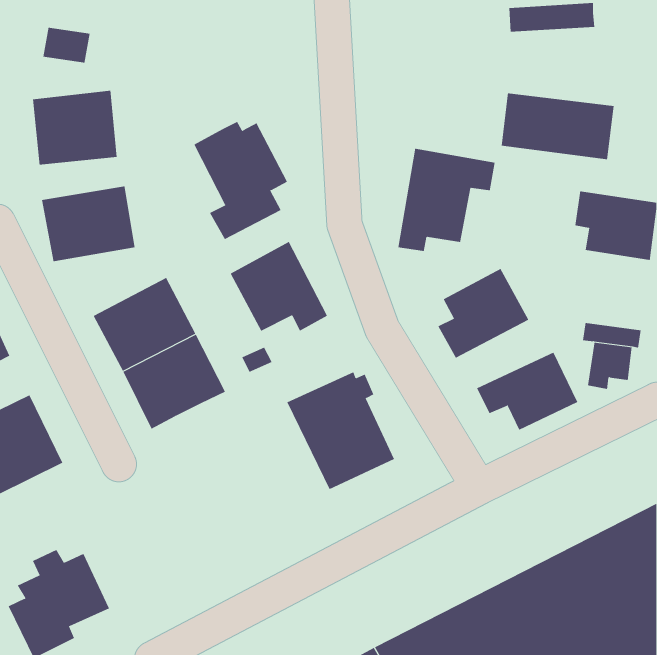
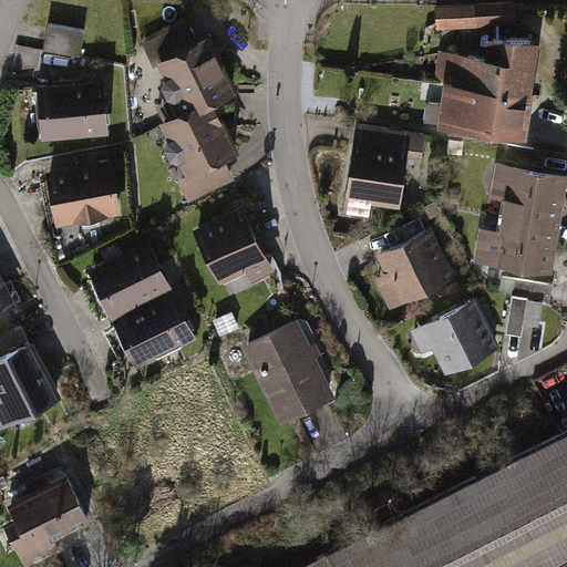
building: none -> [147,25,245,115]
building: none -> [431,35,534,94]
building: none -> [475,218,558,274]

